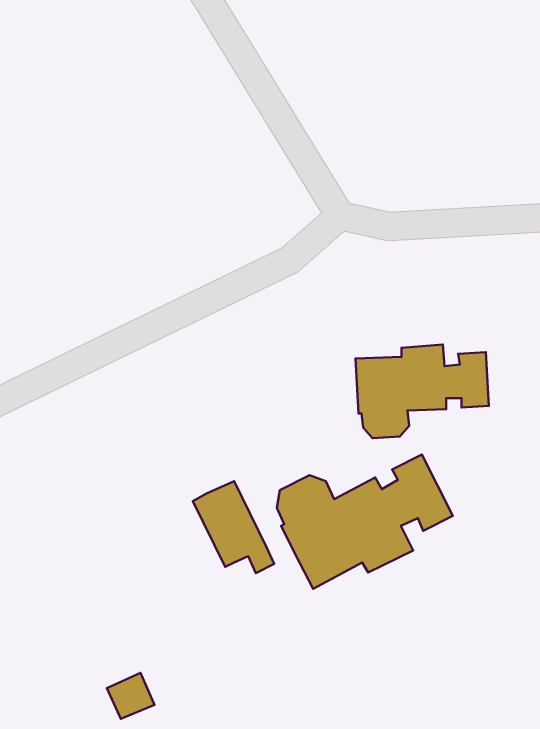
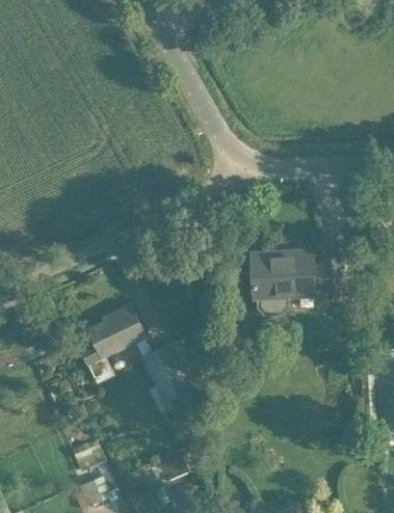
building: none -> [79,303,147,382]
building: [277,454,453,589] -> none

